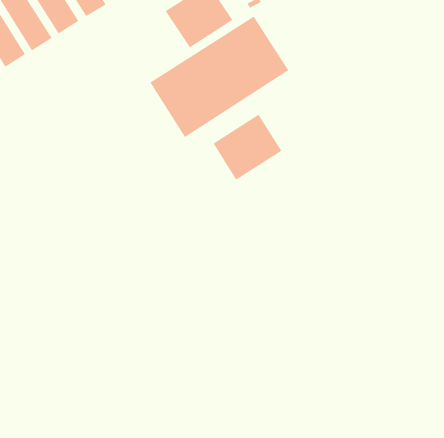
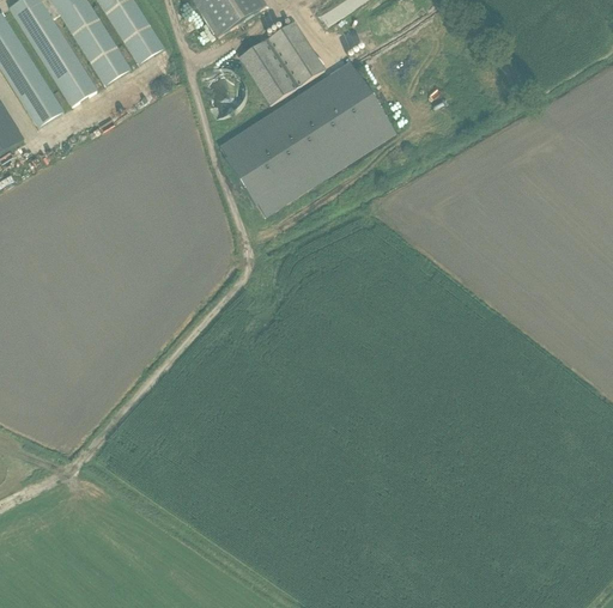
building: [213,114,282,181] -> none

